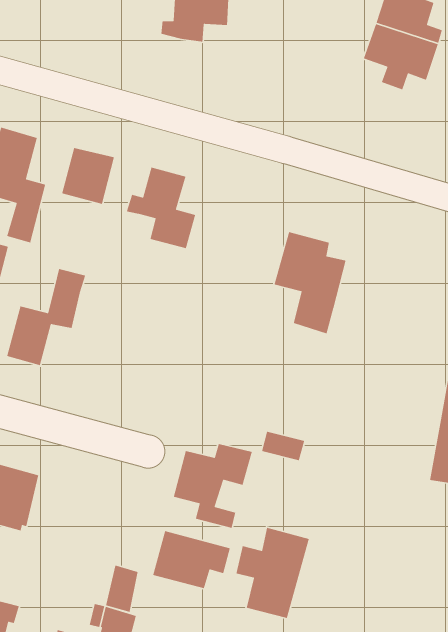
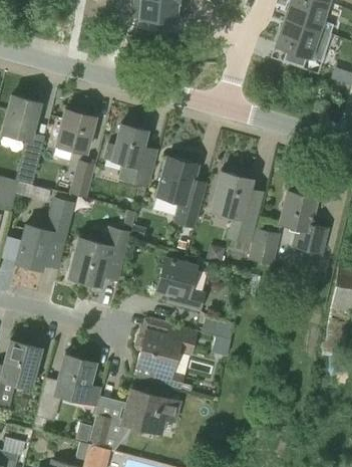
building: none -> [156,156,199,226]
building: none -> [69,161,96,198]
building: none -> [280,191,329,256]
building: none -> [70,210,135,284]
building: none -> [248,227,280,265]
building: none -> [157,258,204,309]
building: none -> [35,356,101,422]
building: [235,527,310,619] -> none

